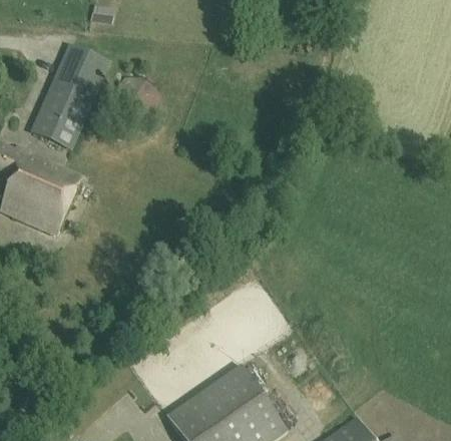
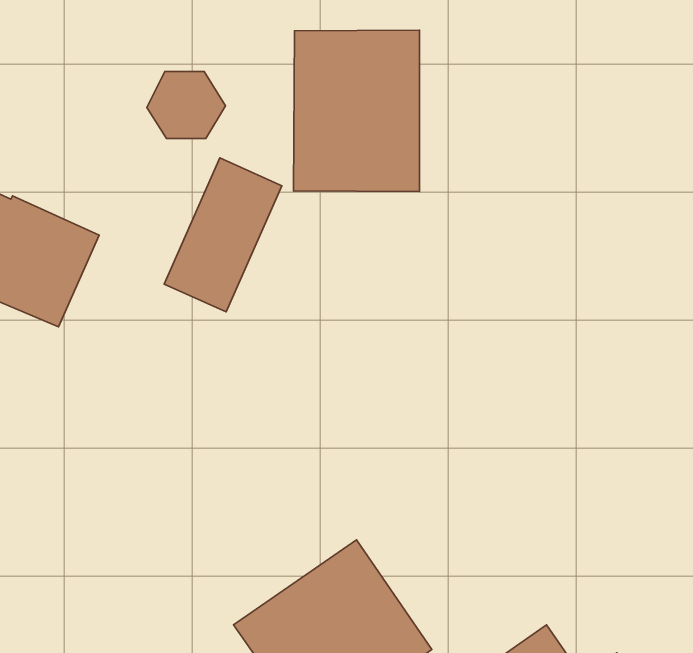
building: none -> [294,30,419,192]
building: [33,52,105,146] -> [164,158,282,312]

